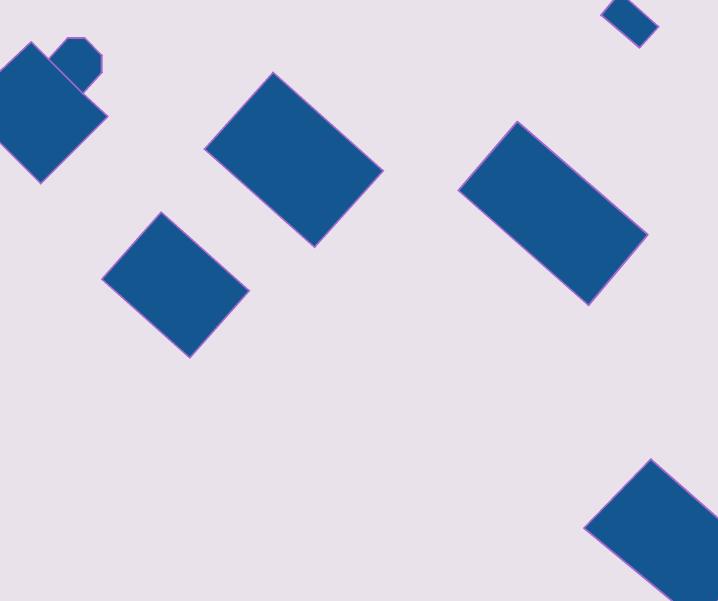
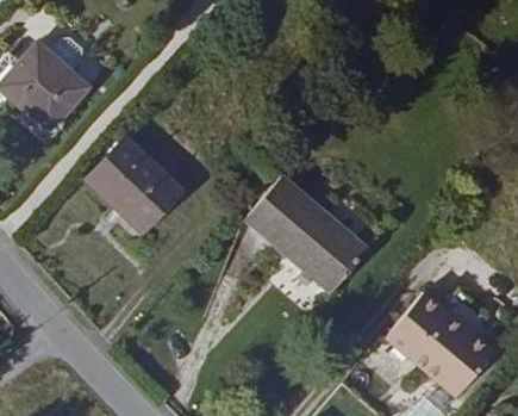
building: [204,72,383,247] -> none
building: [458,122,648,305] -> [248,178,366,292]

